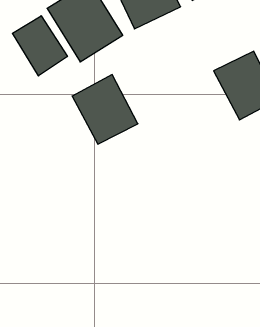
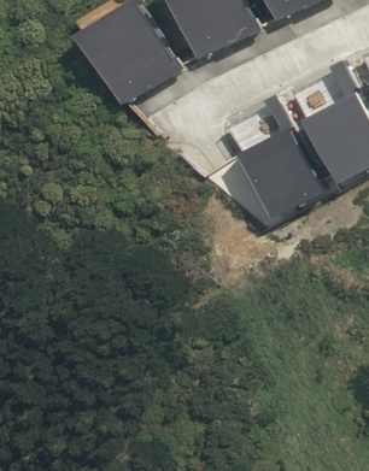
building: [12,16,67,76] -> none
building: [72,75,138,144] -> [234,123,323,217]

